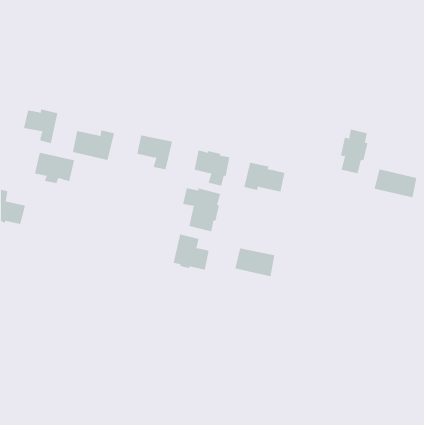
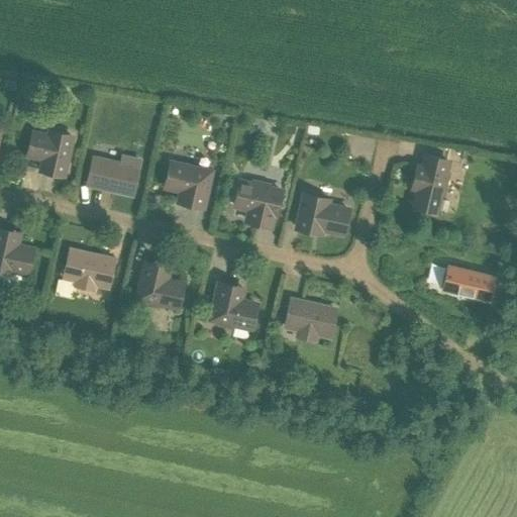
building: [34,152,75,184] -> [65,250,114,289]
building: [374,169,417,198] -> [444,266,497,301]
building: [182,187,221,232] -> none
building: none -> [138,264,182,307]

